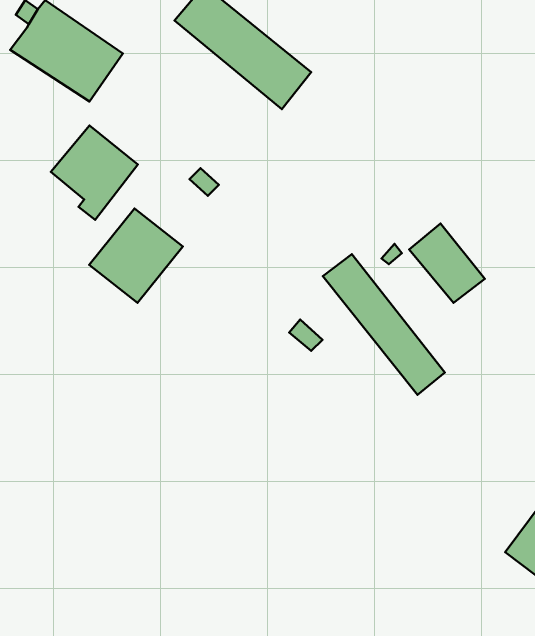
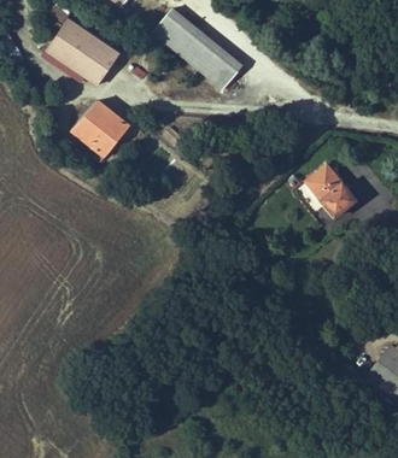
building: [89,209,183,303] -> none
building: [323,254,445,395] -> none

